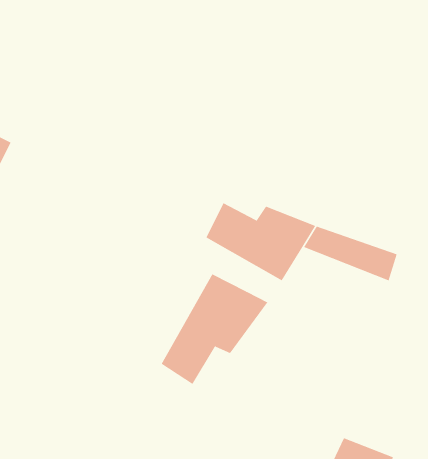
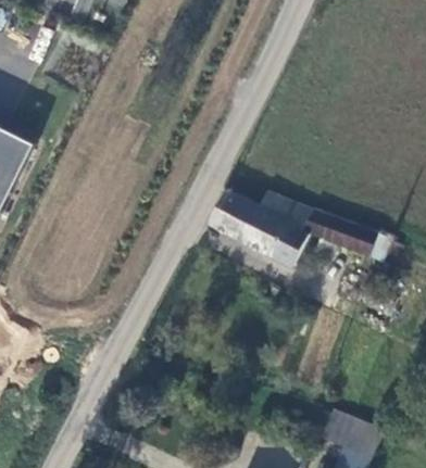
building: [161,274,268,385] -> none

